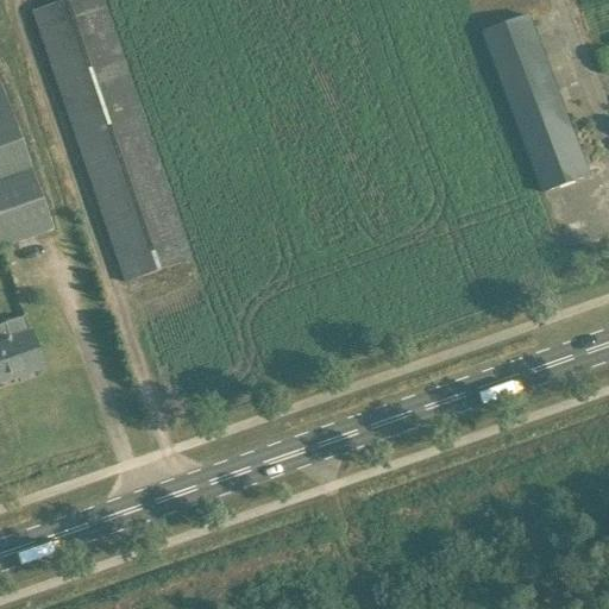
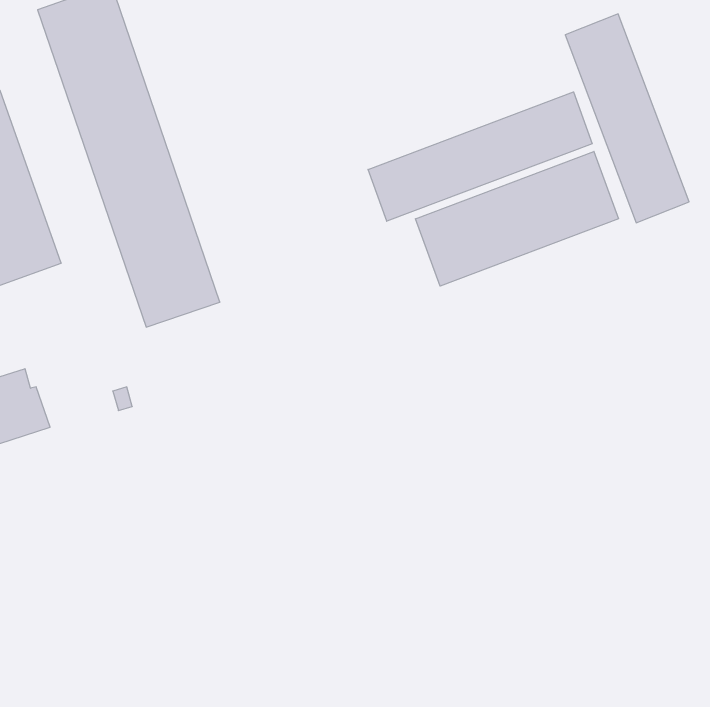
building: none -> [368,92,592,221]
building: none -> [415,151,619,286]

